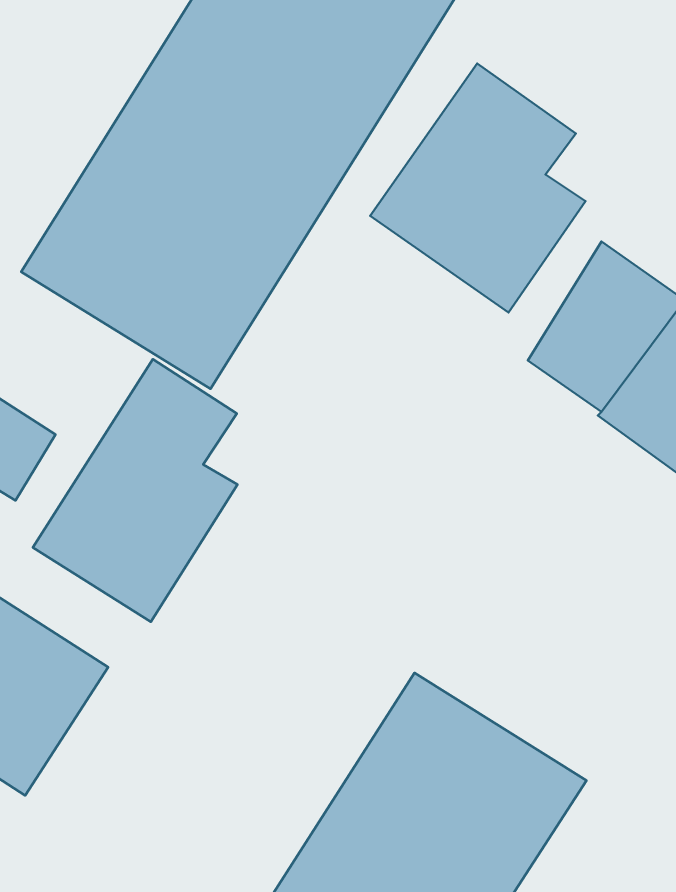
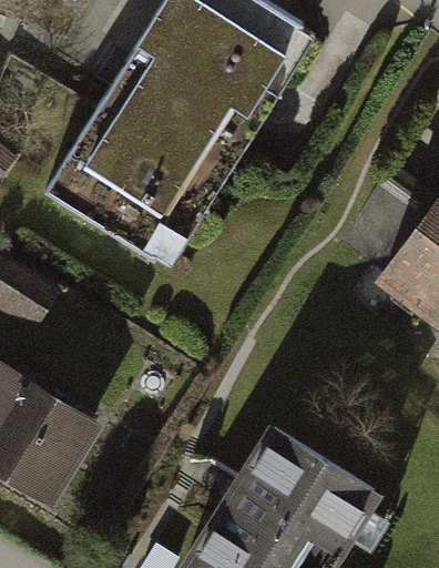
building: [370,64,585,312] -> none
building: [33,359,237,622] -> none

